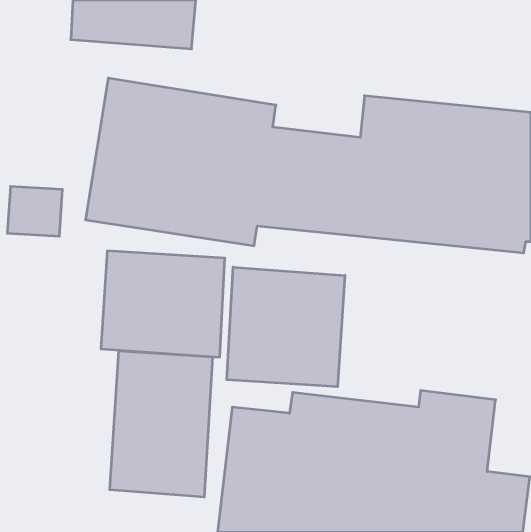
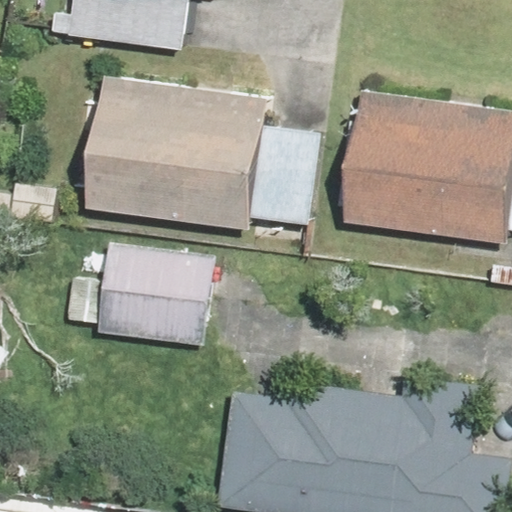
building: [227,267,345,387] -> none
building: [110,351,212,497] -> none

